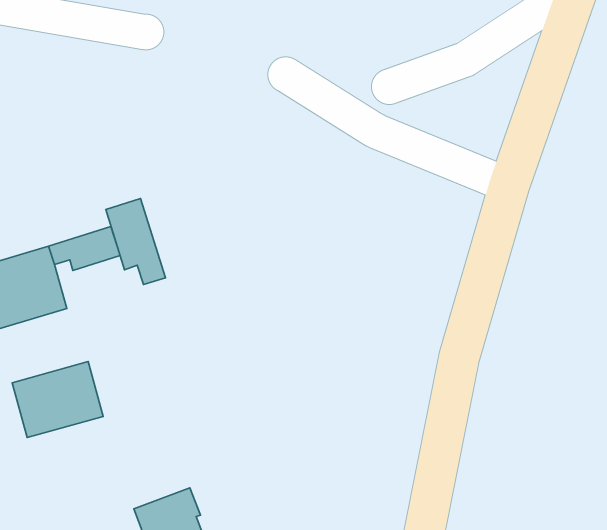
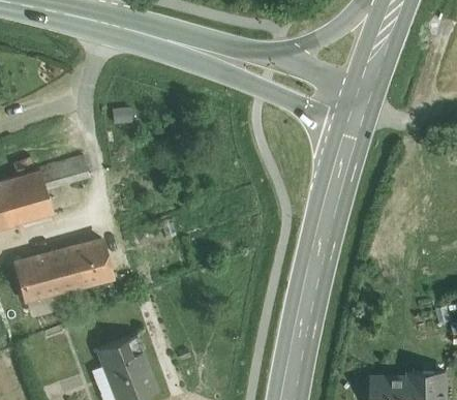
building: [106,198,166,285] -> none
building: none -> [67,240,112,285]

